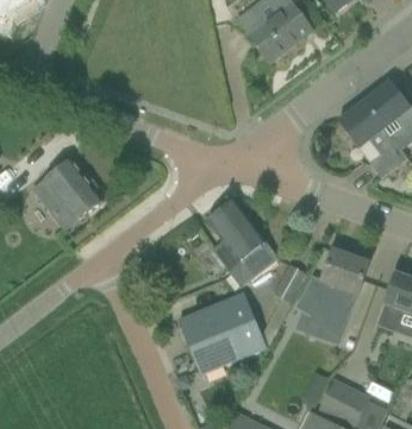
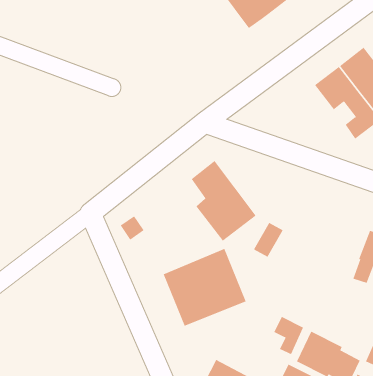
building: [35,159,102,221] -> none
building: [295,250,369,330] -> none

